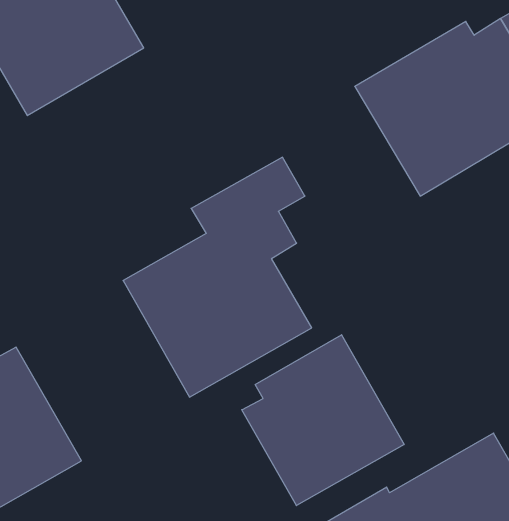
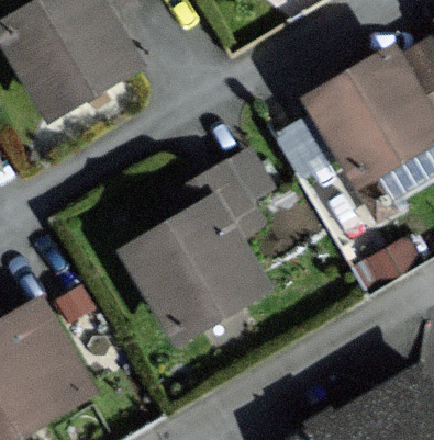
building: [242,335,404,506] -> none

